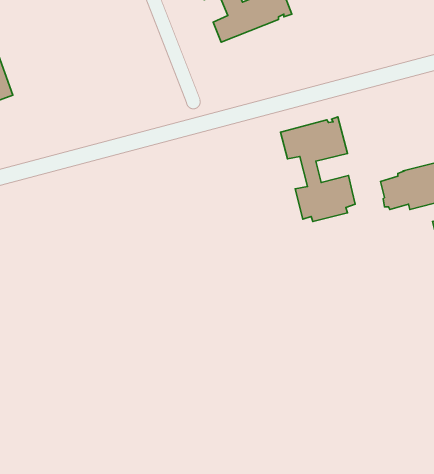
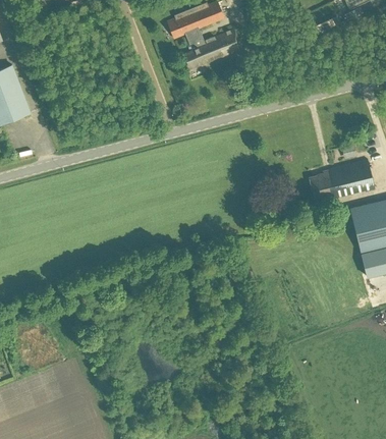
building: [281,117,355,222] -> none

